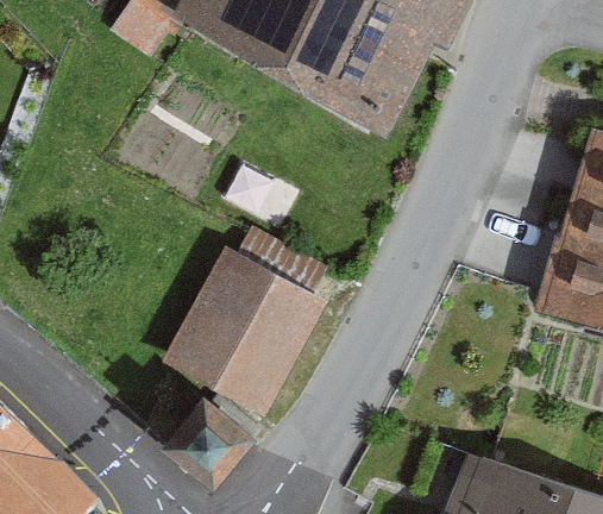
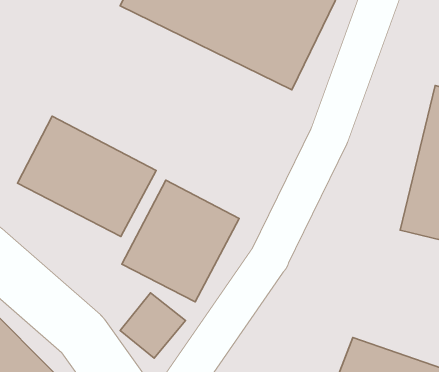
building: none -> [17,116,156,237]

